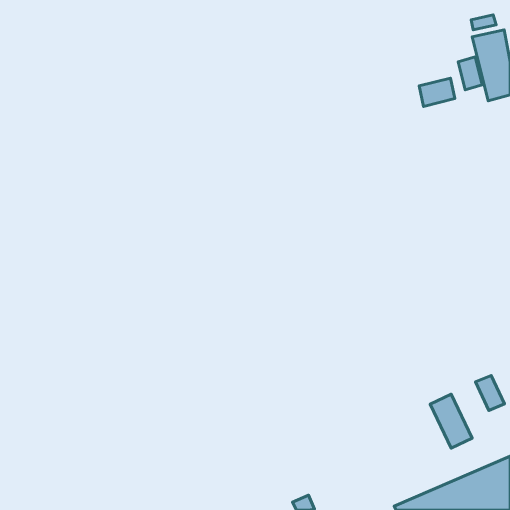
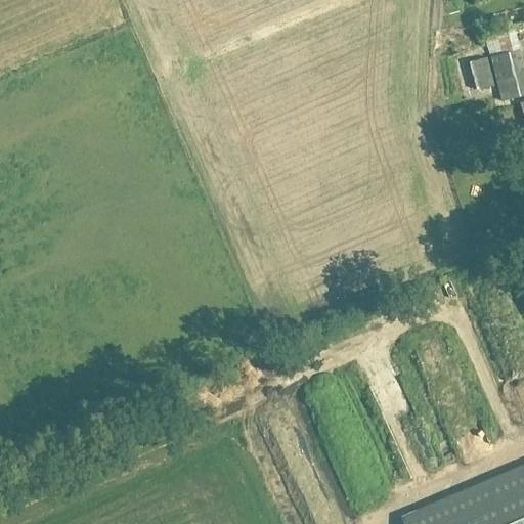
building: [419,78,455,106] -> none
building: [475,375,505,410] -> none

